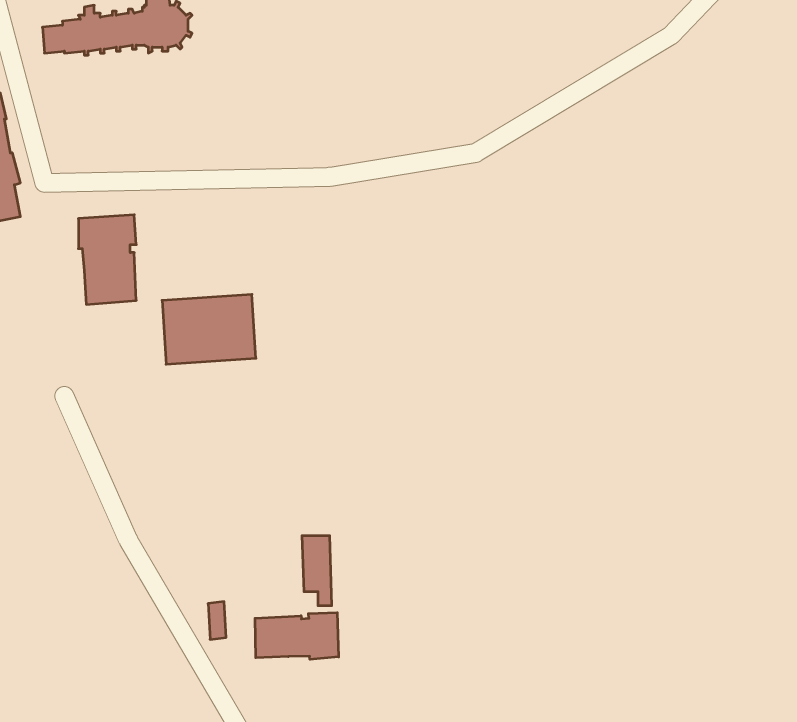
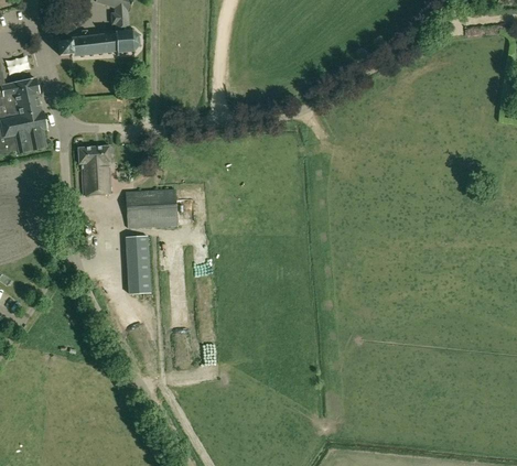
building: none -> [125,236,150,292]
building: [255,613,339,659] -> none

